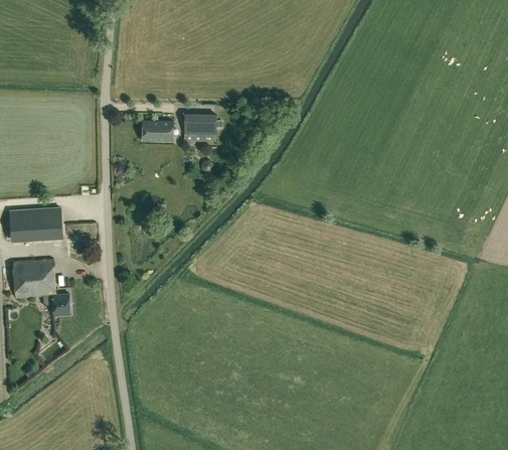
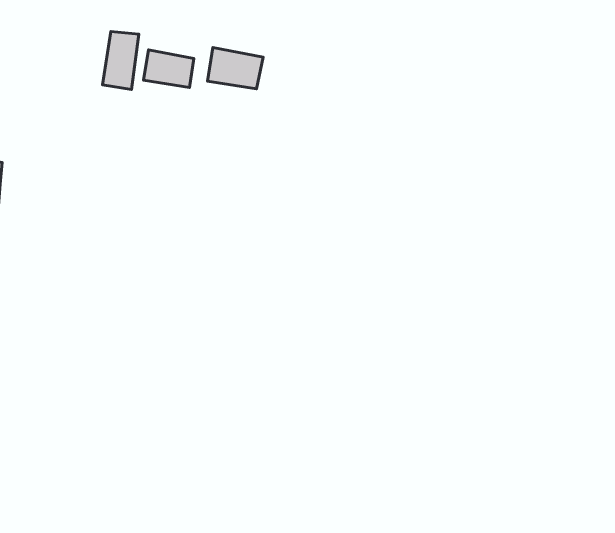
building: none -> [102,31,139,90]

